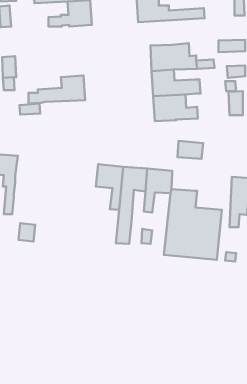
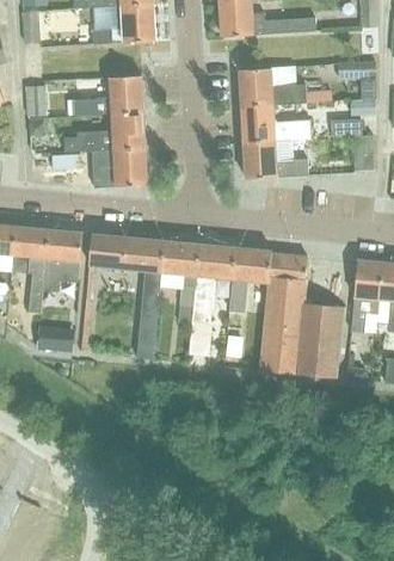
building: none -> [72,75,142,116]
building: none -> [91,148,146,187]
building: [178,141,203,159] -> [269,252,306,278]
building: none -> [42,228,82,289]
building: none -> [87,235,164,358]

